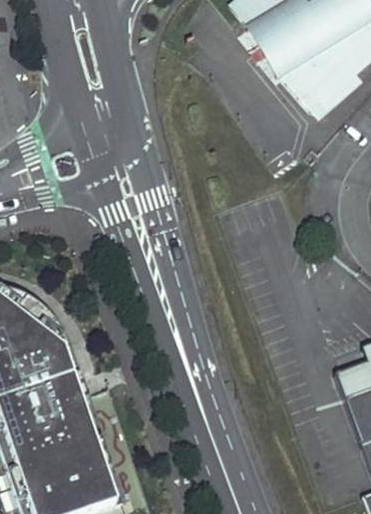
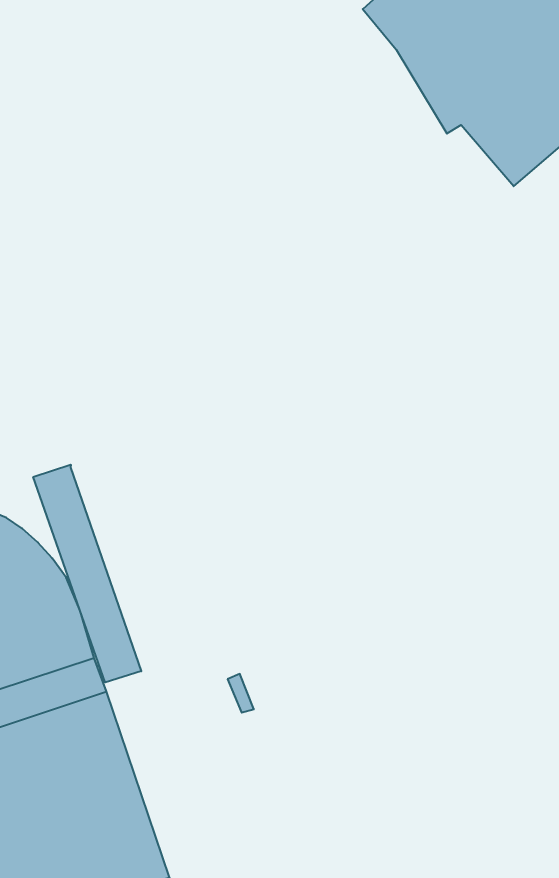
building: none -> [33,465,141,682]

